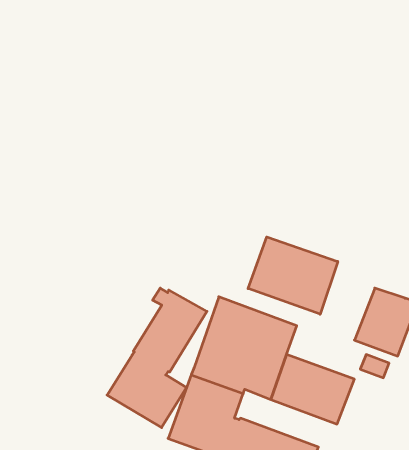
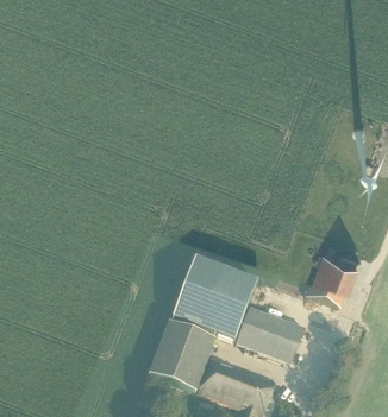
building: [248,237,338,314] -> none
building: [107,288,207,428] -> none

